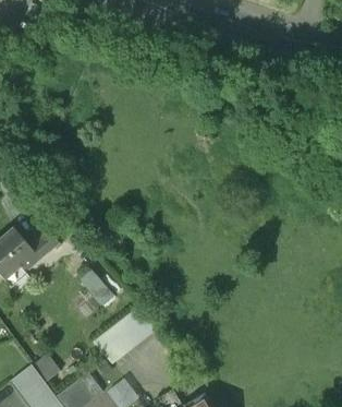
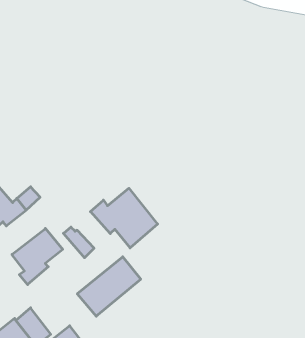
building: none -> [90,188,158,248]
building: none -> [12,228,63,285]

